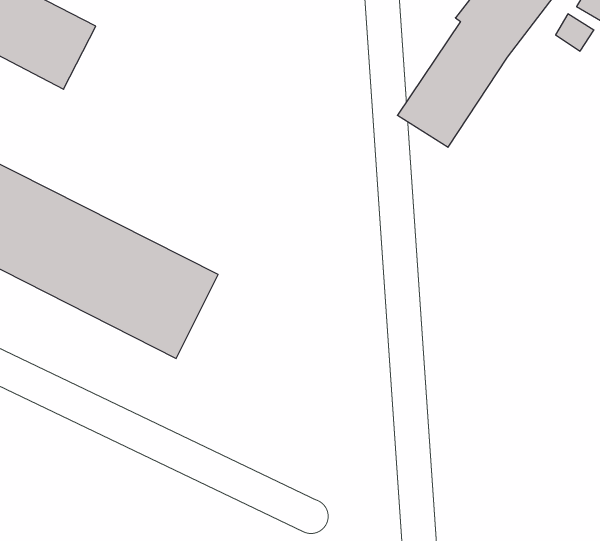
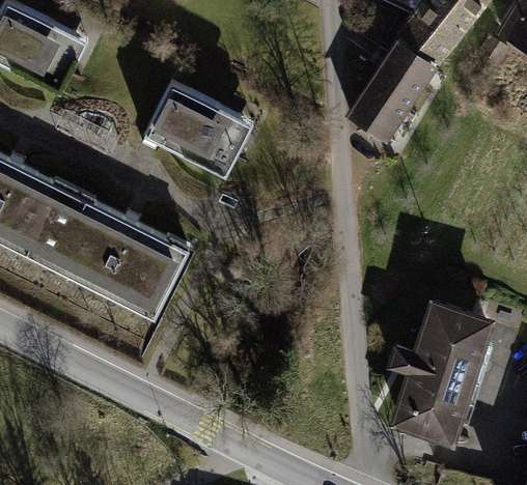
building: none -> [148,83,260,180]
building: none -> [385,298,496,449]

